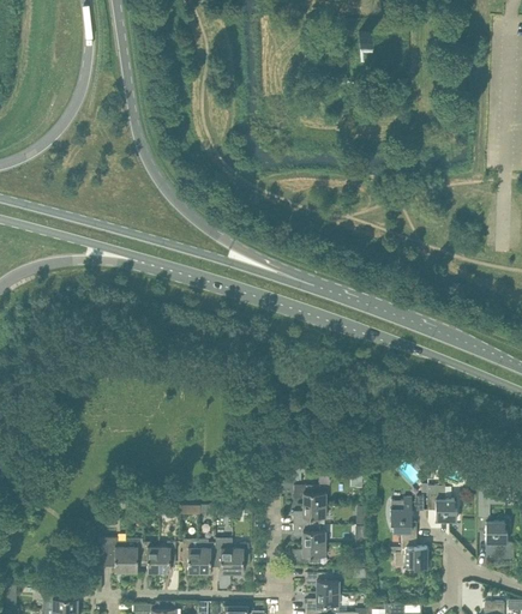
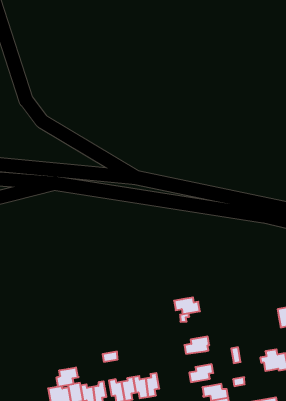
building: [294,487,326,507] -> [174,297,200,314]
building: [390,498,424,541] -> none
building: none -> [57,367,78,387]
building: [293,525,326,546] -> none

